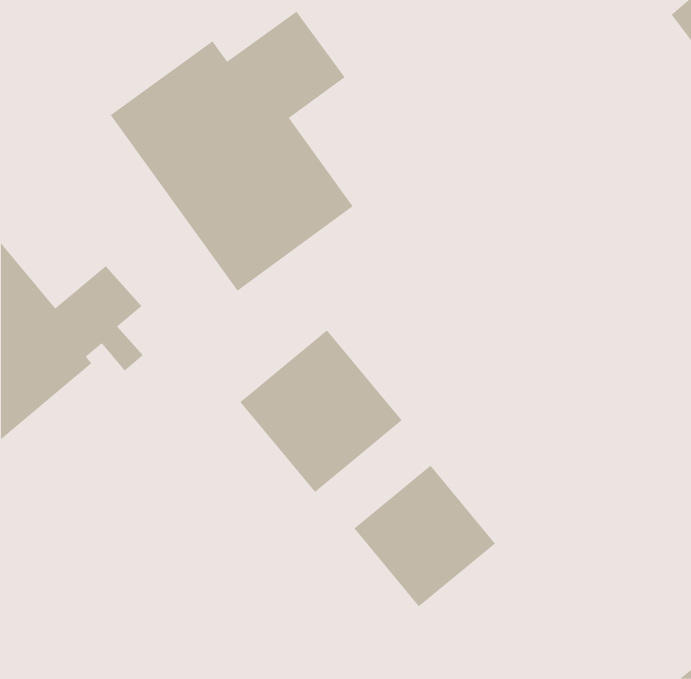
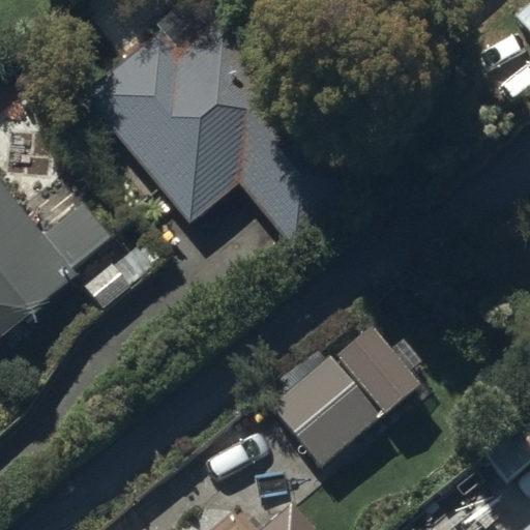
building: [240,330,402,493] -> none

